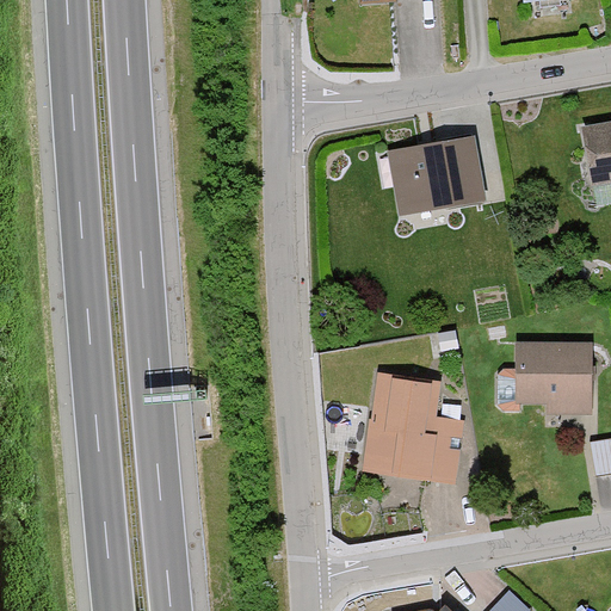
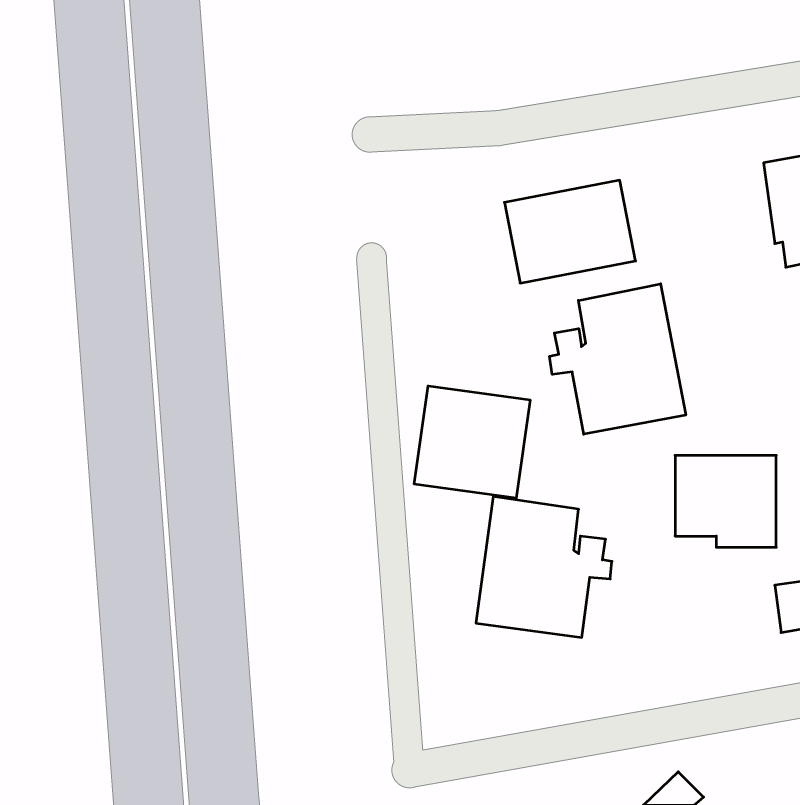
building: none -> [550,284,686,434]
building: none -> [414,386,530,498]

